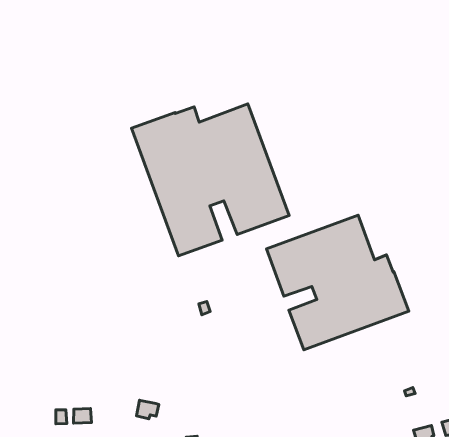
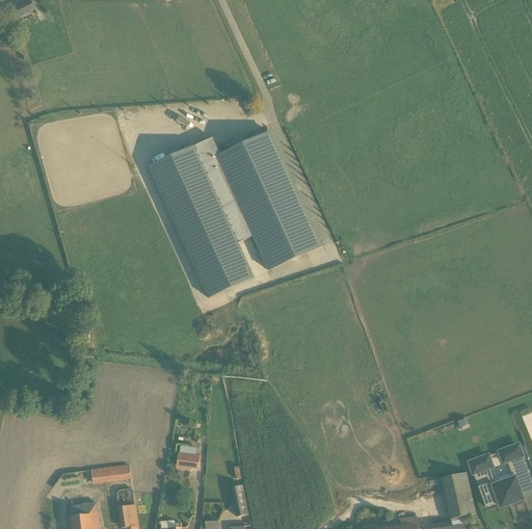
building: [266,215,409,350] -> none

